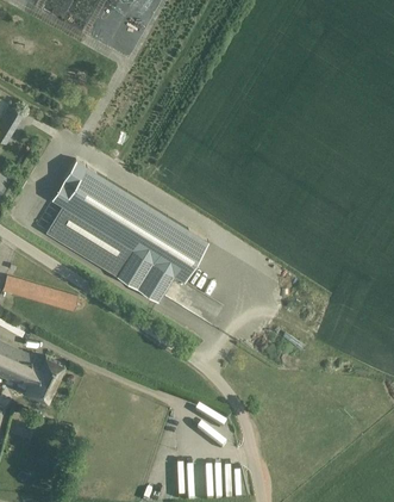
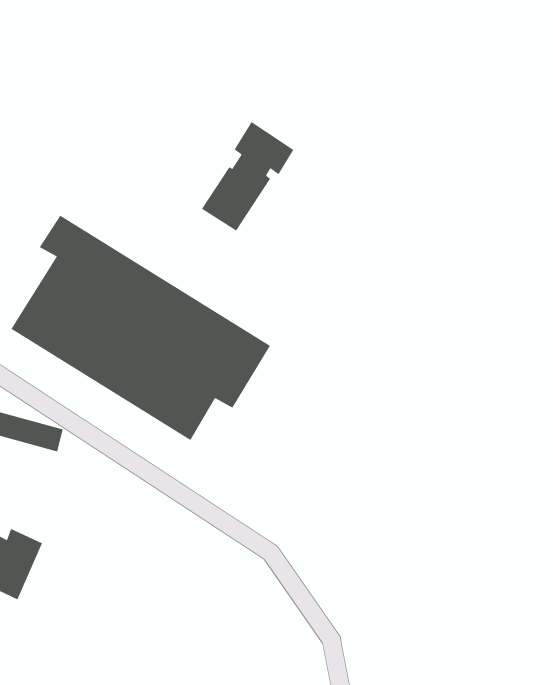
building: none -> [201,121,294,231]

